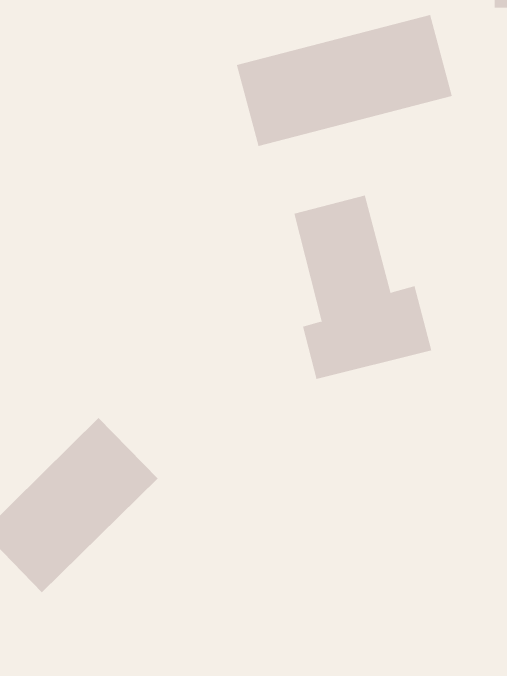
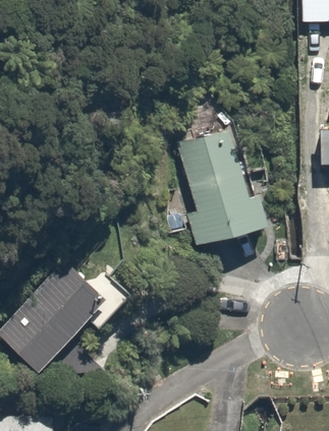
building: [236,14,452,147] -> none

